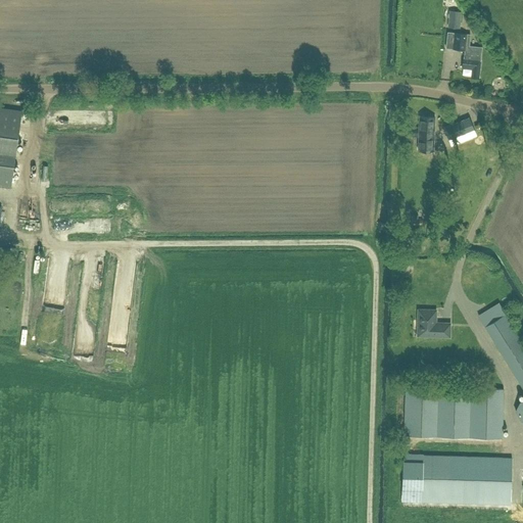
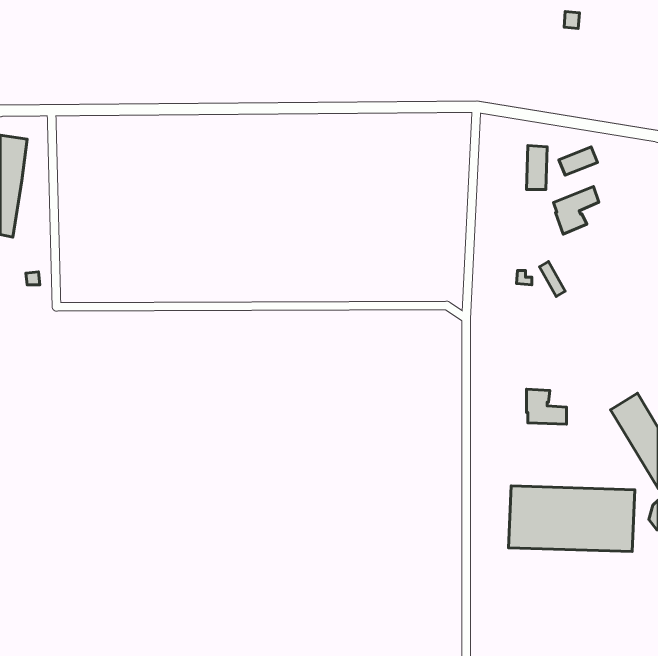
building: [453,34,482,79] -> none
building: none -> [553,187,599,234]
building: [401,456,512,506] -> none

